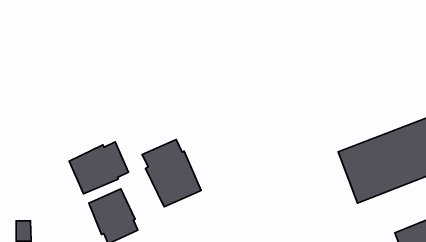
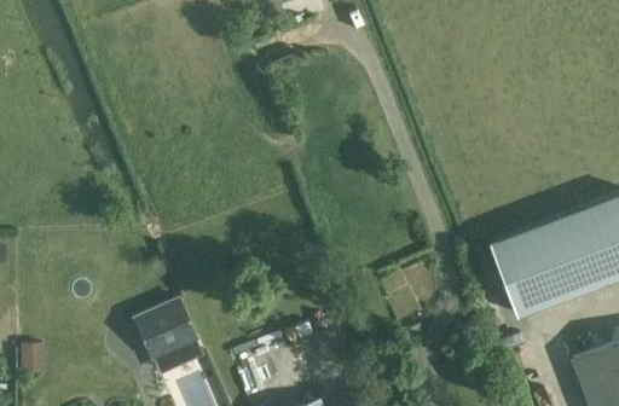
building: [142,139,201,207] -> none
building: [69,142,129,194] -> none

